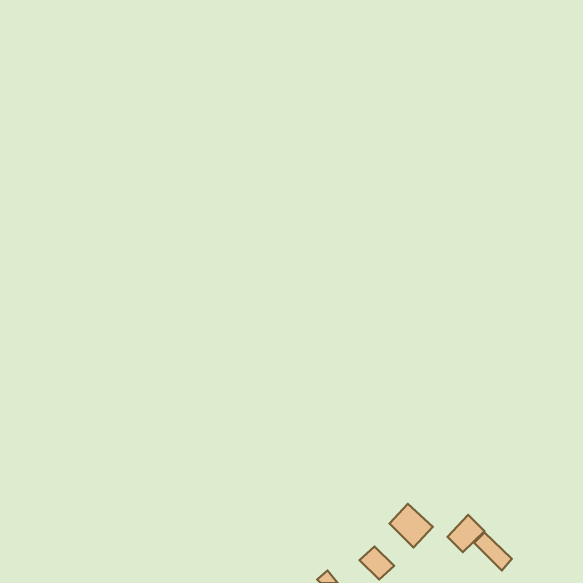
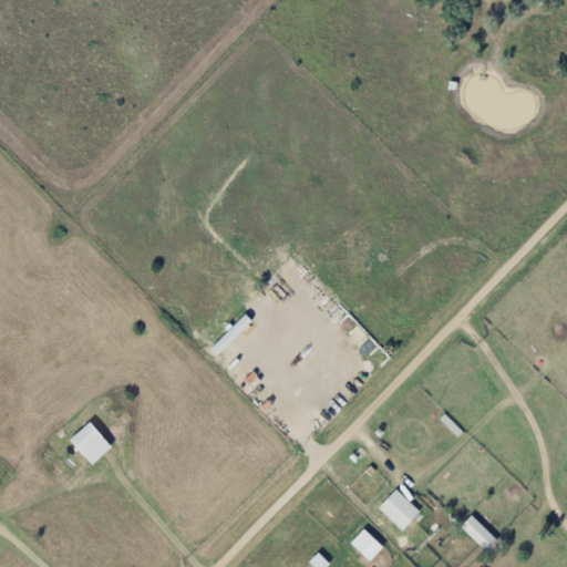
building: none -> [69,420,112,464]
building: [448,515,485,552] -> none

